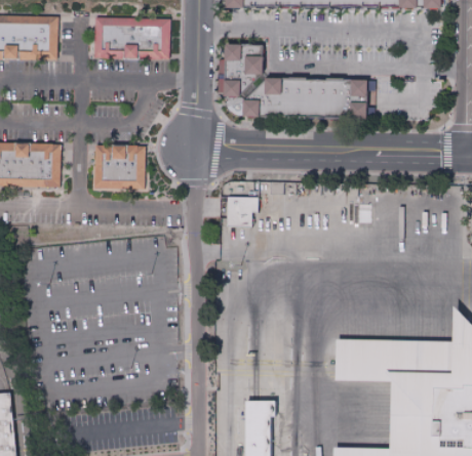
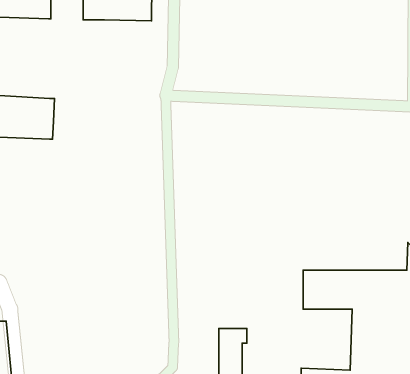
building: [227,44,370,117] -> none
building: [95,147,146,190] -> none
building: [230,197,261,226] -> none

